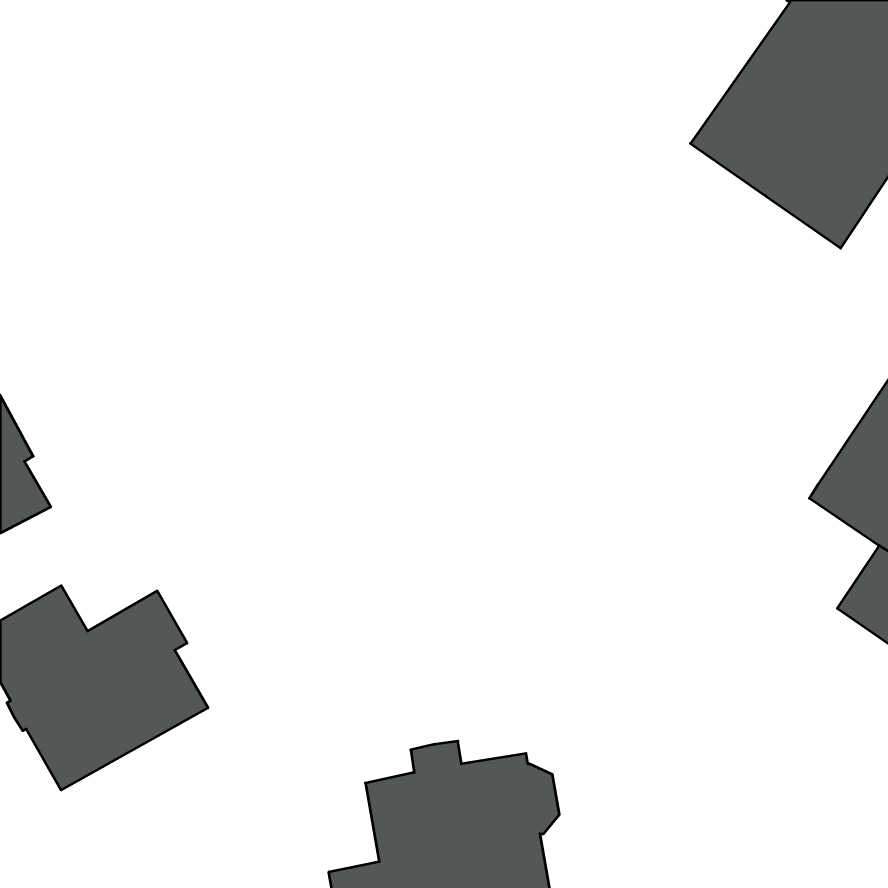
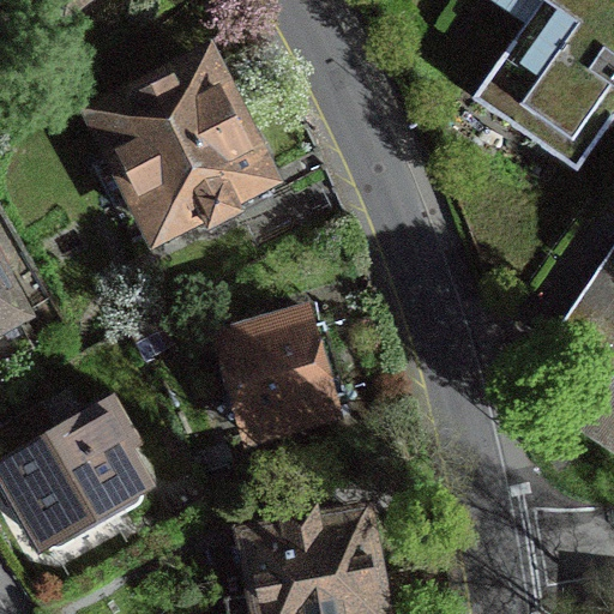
building: none -> [97,66,266,234]
building: none -> [227,320,348,437]

